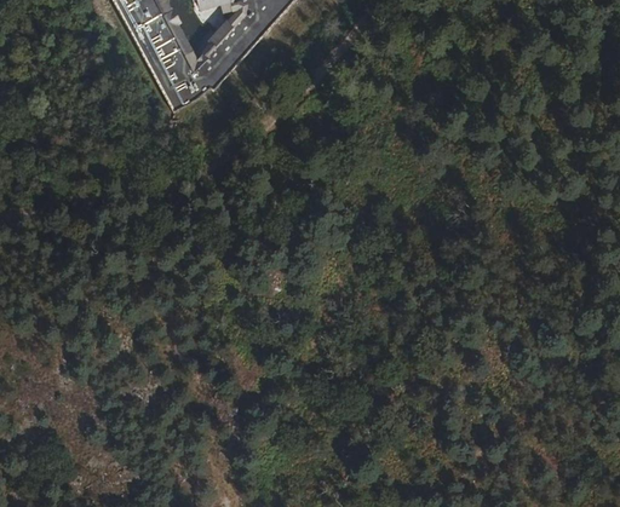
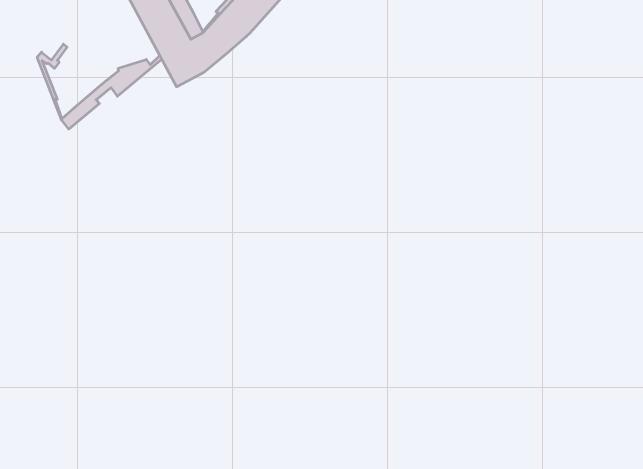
building: none -> [37,44,162,129]

